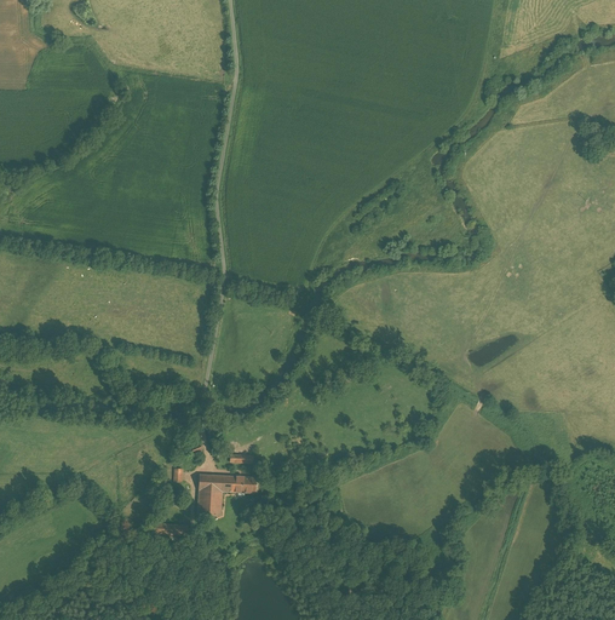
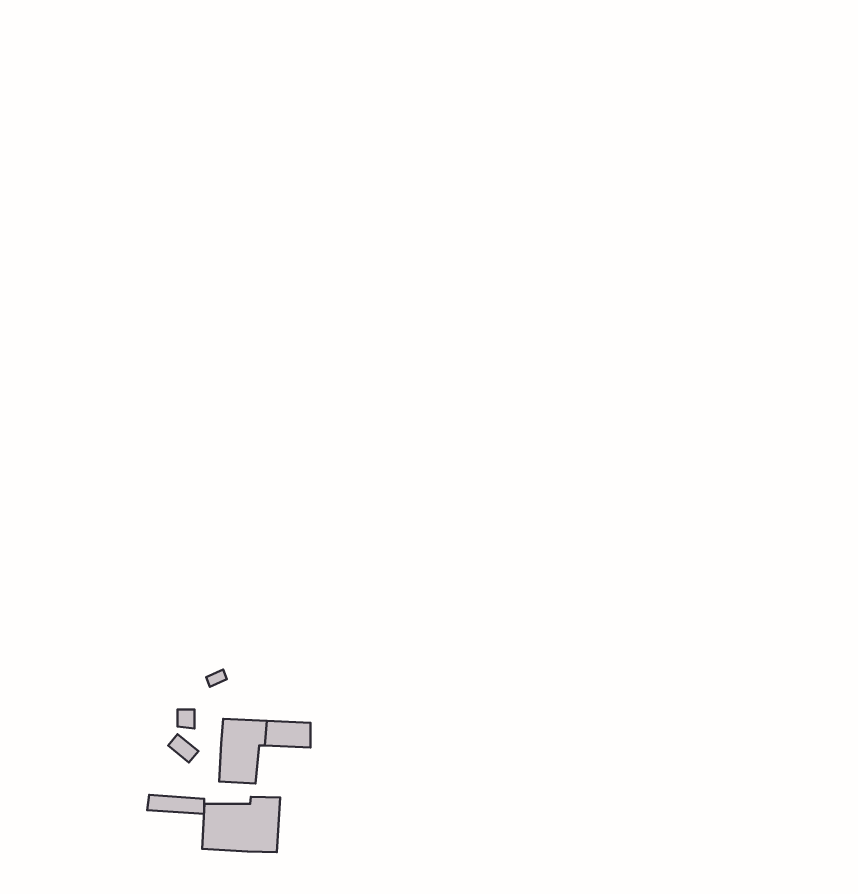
building: none -> [202,797,280,852]

